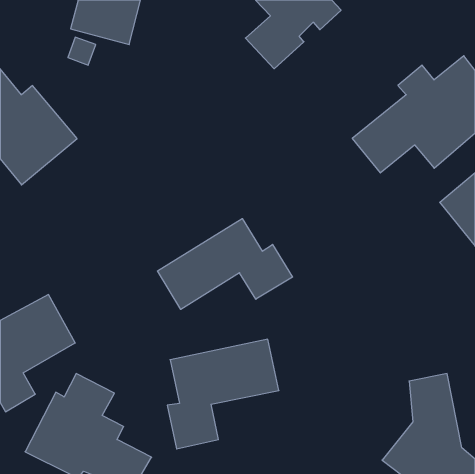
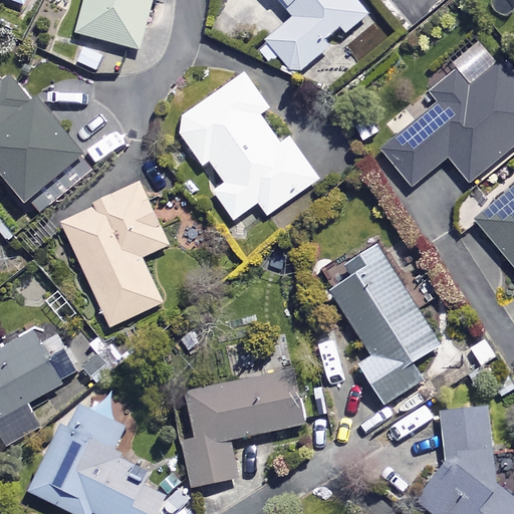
building: none -> [179,71,319,220]
building: none -> [60,182,169,326]
building: [157,219,293,309] -> none
building: none -> [319,239,440,404]

